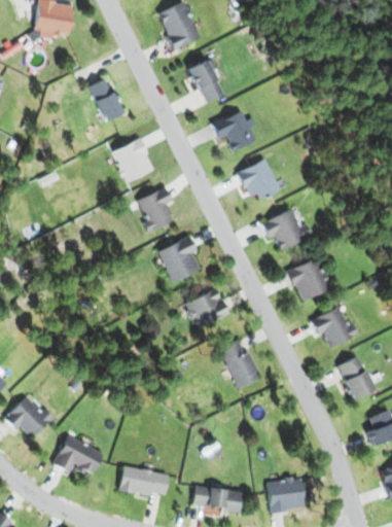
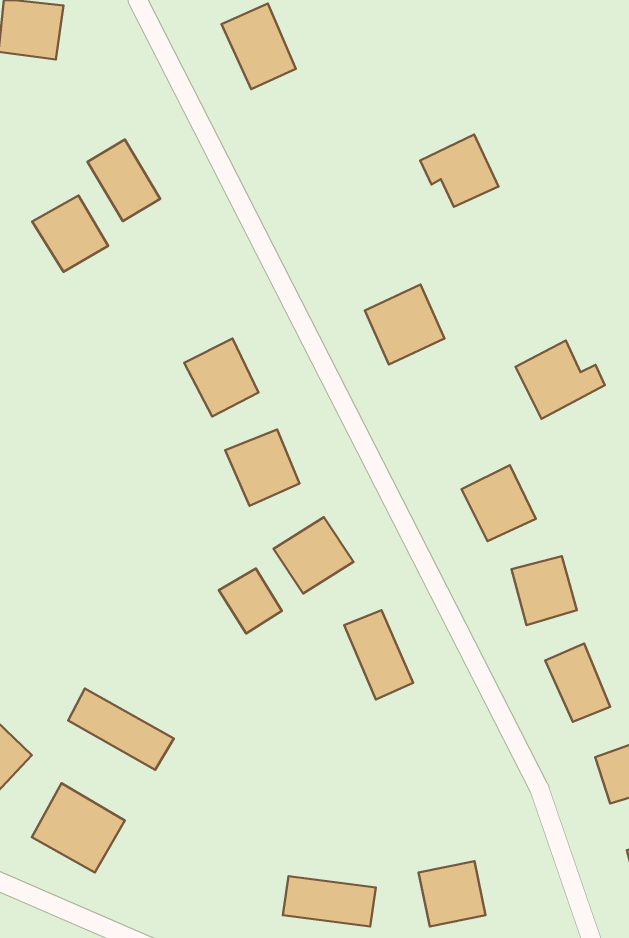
building: [186,59,223,103] -> none
building: [213,111,256,151] -> [420,134,498,207]
building: [110,139,152,181] -> [32,196,108,272]
building: [265,208,315,251] -> [516,341,605,419]
building: none -> [219,568,282,634]
building: none -> [68,689,174,770]
building: [120,467,167,497] -> none

